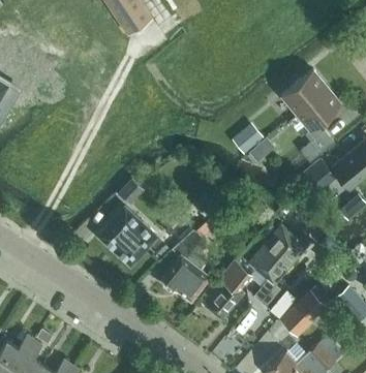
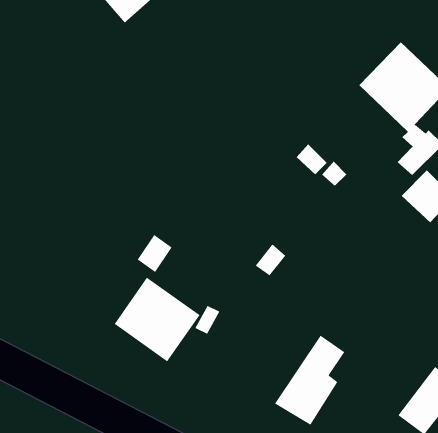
building: [249,223,307,306] -> none
building: [161,229,210,300] -> none

